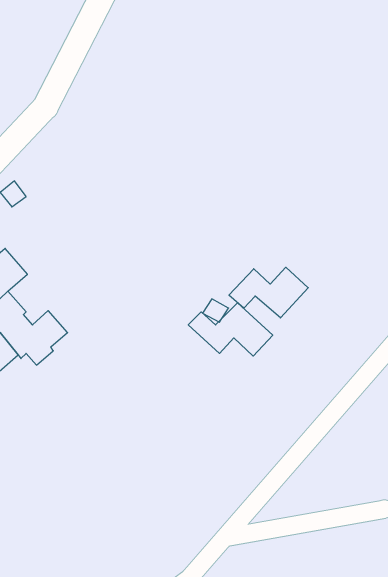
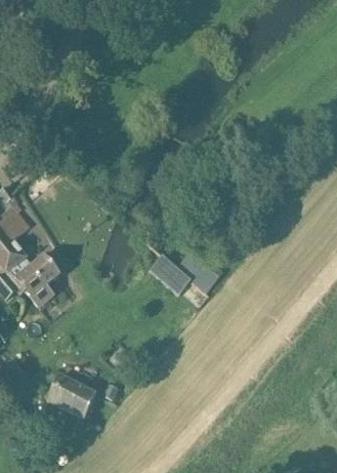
building: [229,267,308,318] -> none
building: none -> [46,375,97,421]

